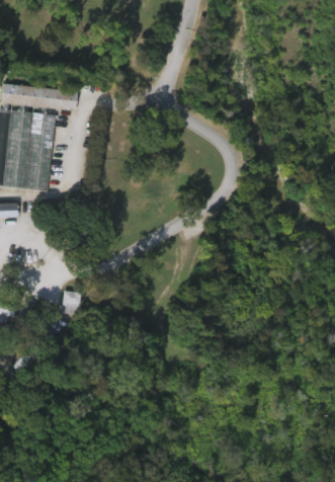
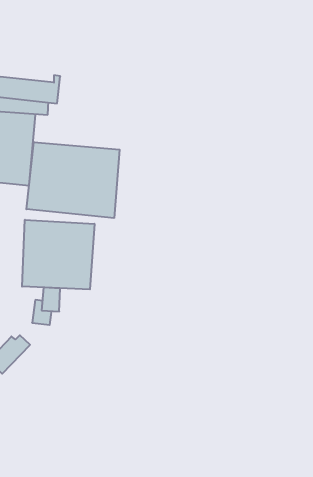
building: none -> [26,142,120,218]
building: none -> [22,220,94,289]

